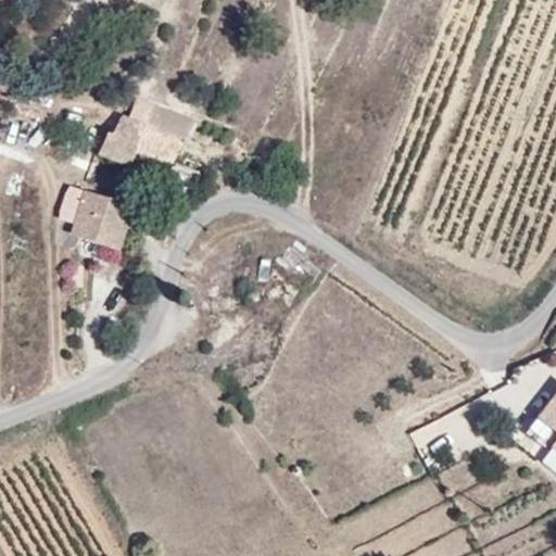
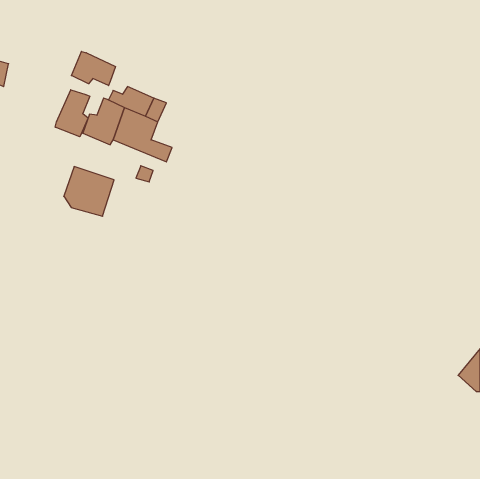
building: none -> [71,51,116,86]
building: none -> [55,90,90,137]

